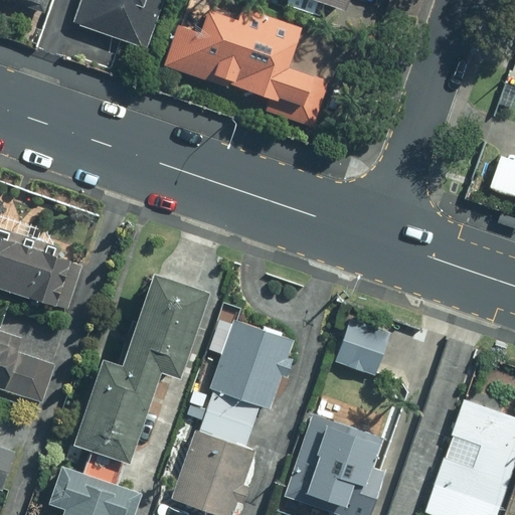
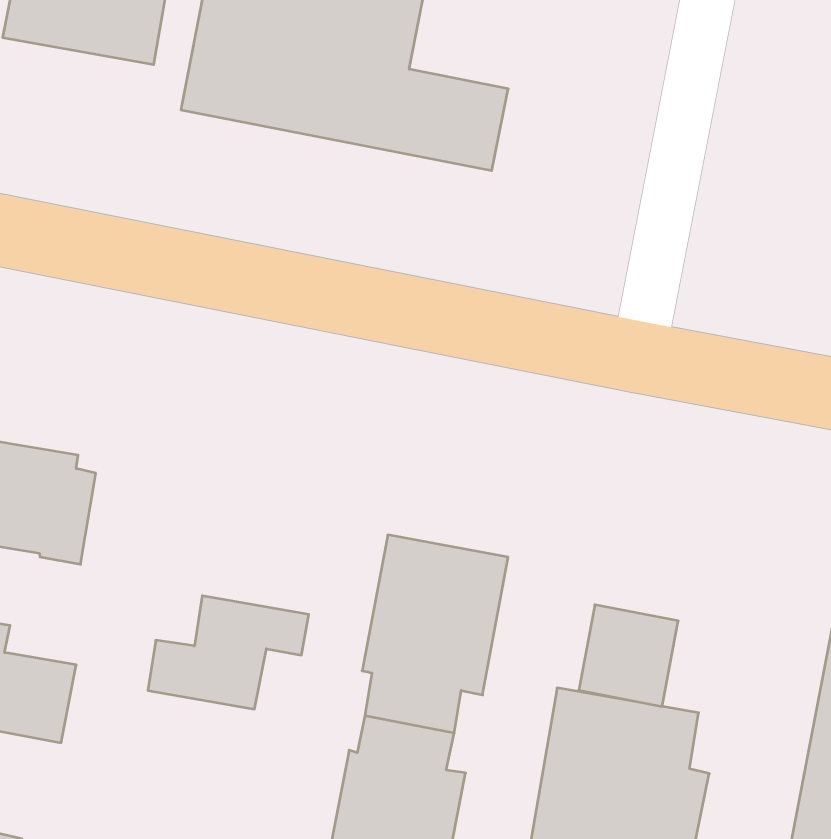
building: [130,271,206,354] -> none
building: [335,317,393,376] -> [579,605,678,706]
building: [73,382,149,462] -> none

